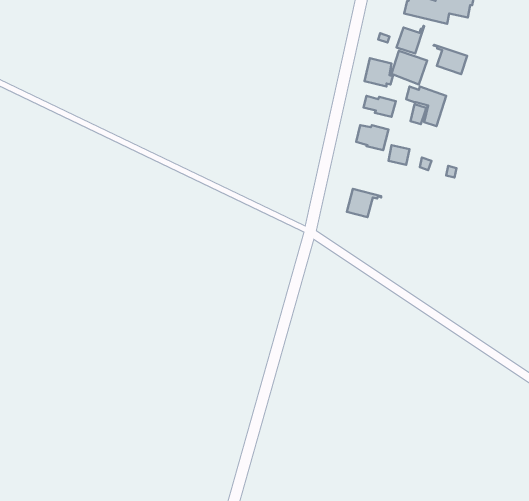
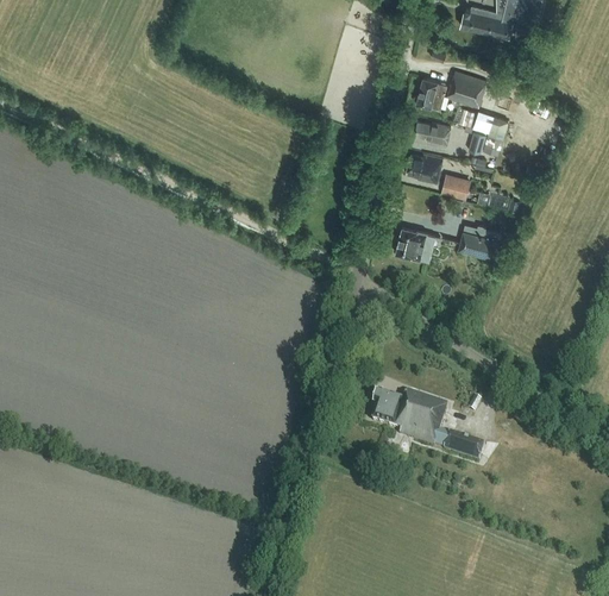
building: [397,26,424,53] -> none
building: [433,45,467,74] -> none
building: none -> [462,224,501,257]
building: none -> [372,393,483,460]

